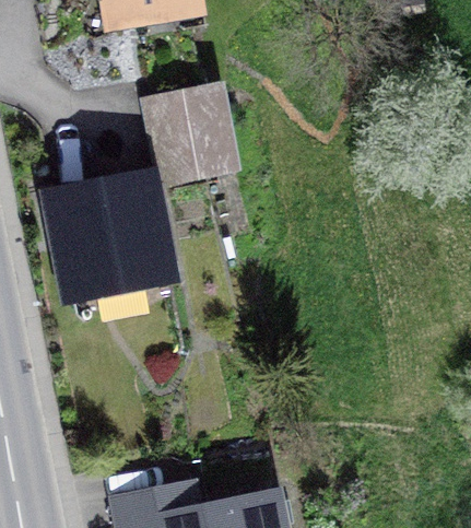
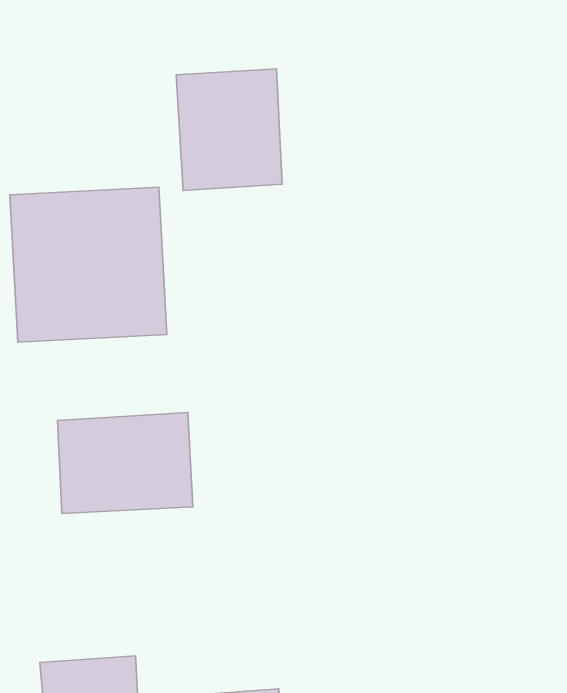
building: none -> [57,413,193,513]

